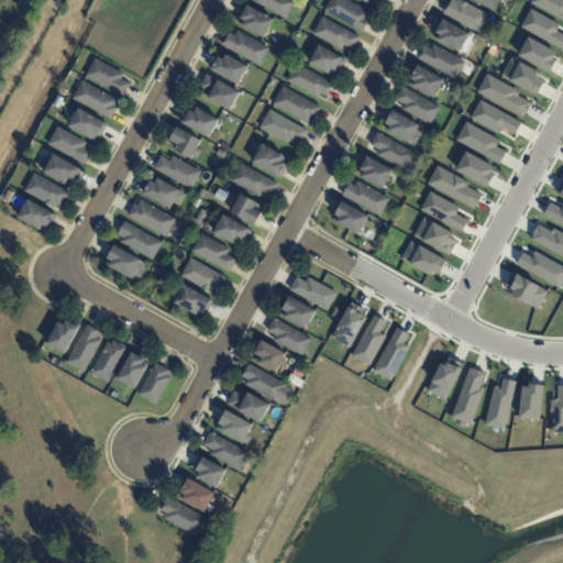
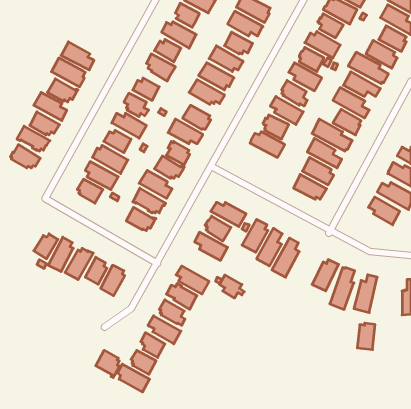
building: [333,201,368,235] -> none
building: [254,341,288,373] -> [219,275,244,298]
building: [518,382,542,418] -> [357,323,375,350]
building: none -> [96,350,120,378]

